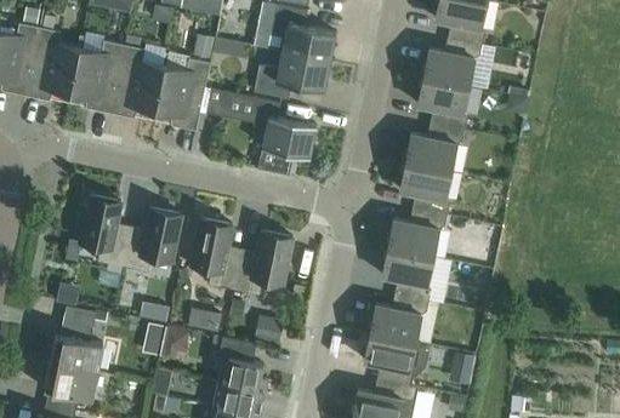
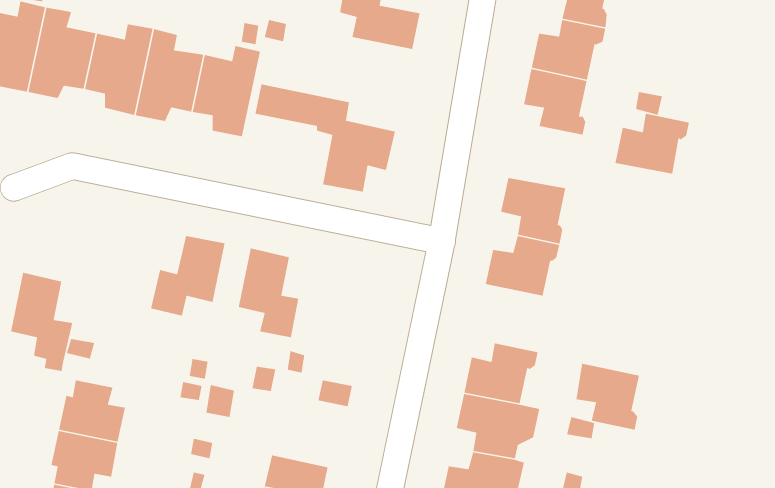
building: [254,51,330,98] -> none
building: [405,121,465,170] -> [615,113,690,174]
building: [80,194,130,273] -> [10,272,73,372]
building: [234,230,292,294] -> none
building: [382,246,433,299] -> [575,363,640,430]
building: [218,336,268,391] -> none

